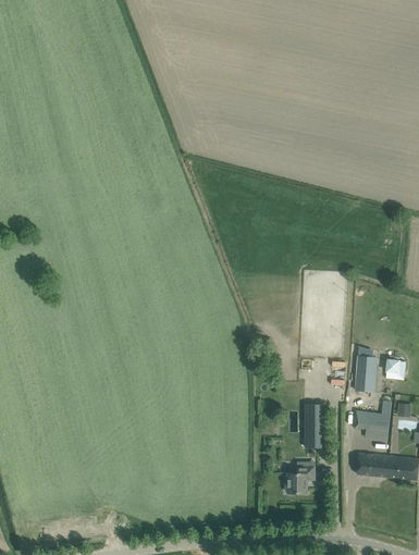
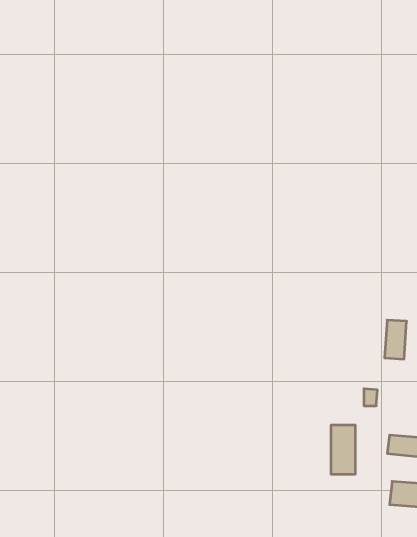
building: [355,356,374,391] -> [385,320,407,359]
building: [284,465,313,492] -> none

